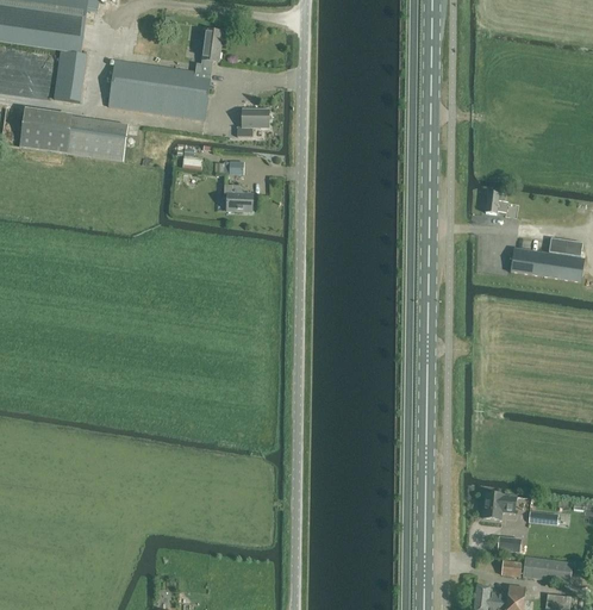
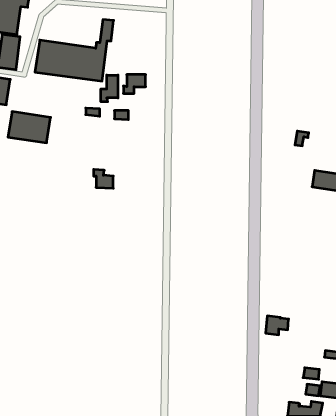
building: none -> [101,75,118,102]
building: [65,116,127,161] -> [8,112,51,143]
building: [223,183,251,211] -> [94,169,113,188]
building: [482,491,516,518] -> [266,316,289,335]

